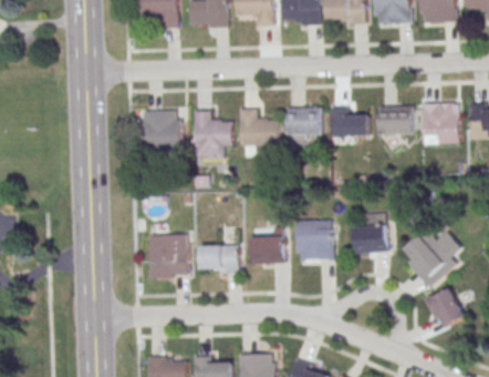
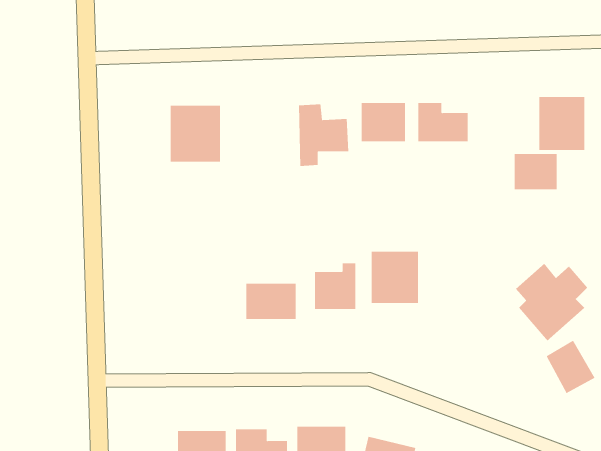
building: [378,105,412,133] -> [514,153,558,190]
building: [193,110,231,160] -> none
building: [352,213,386,254] -> none
building: [148,233,187,277] -> none

